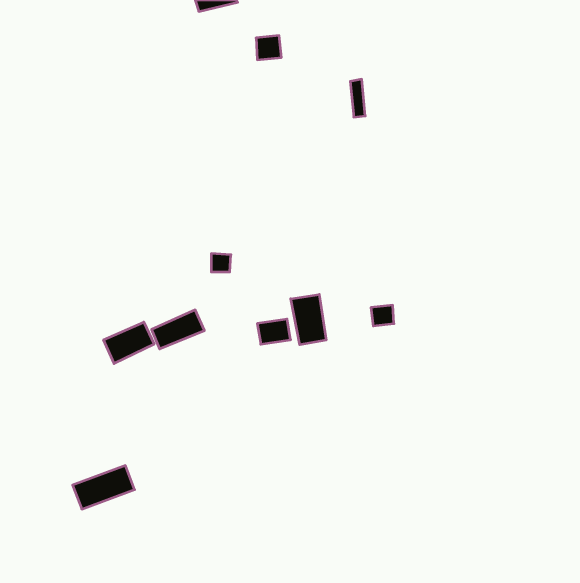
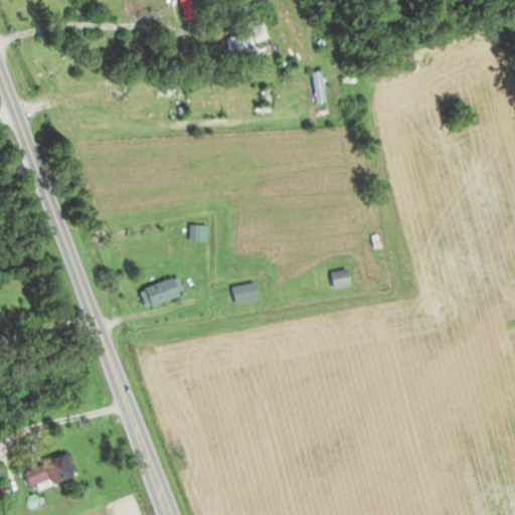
building: [291,294,326,345] -> none
building: [104,322,154,364] -> none
building: [73,466,135,509] -> [21,454,75,492]

